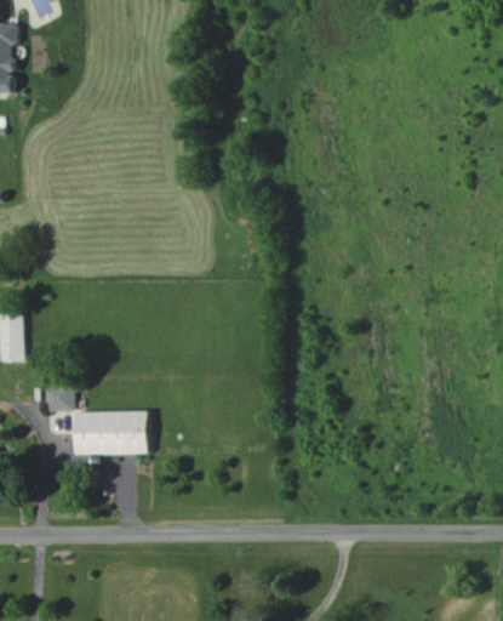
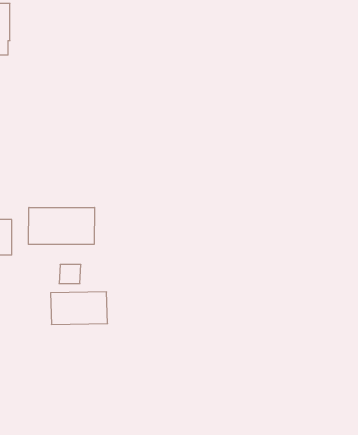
building: none -> [28,207,95,244]
building: [42,386,72,411] -> [59,265,81,284]

